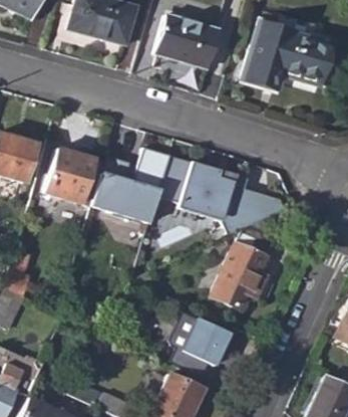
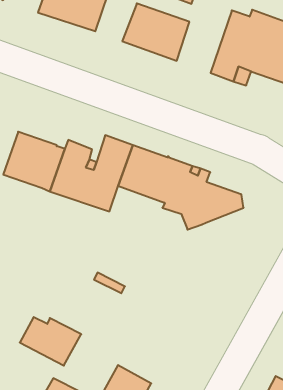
building: [213,227,275,310] -> none
building: [169,319,230,365] -> [20,317,81,366]

